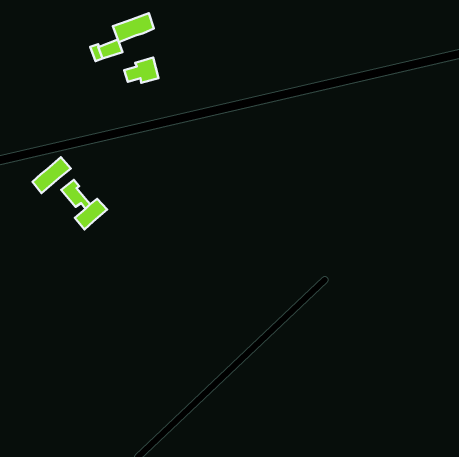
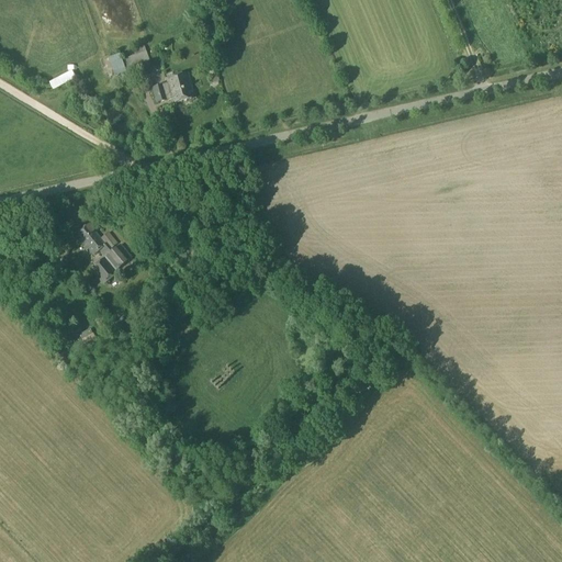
building: [113,13,154,42] -> none
building: [32,157,71,193] -> none

